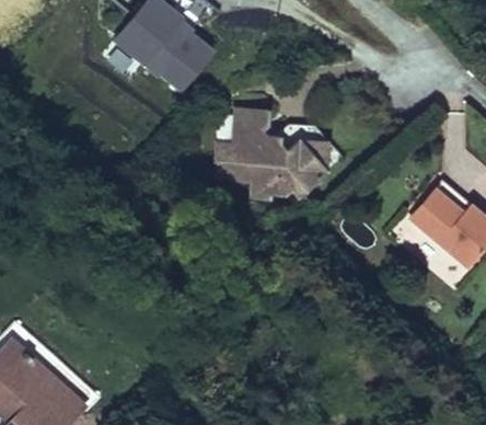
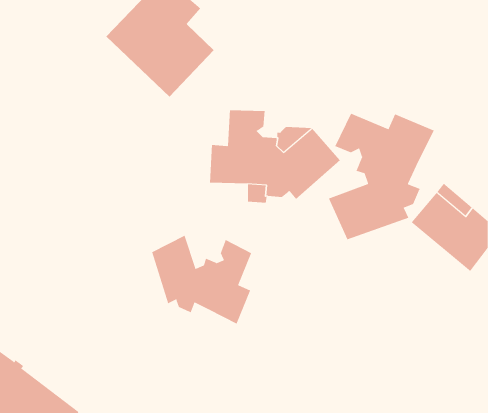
building: none -> [328,113,435,240]
building: none -> [151,235,252,324]

